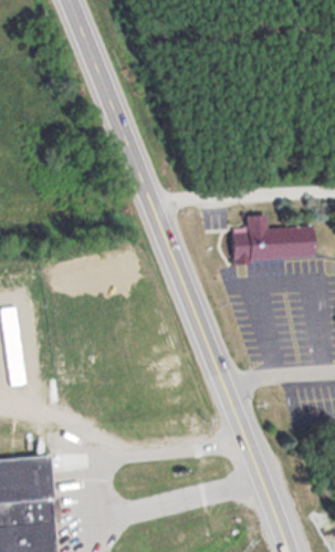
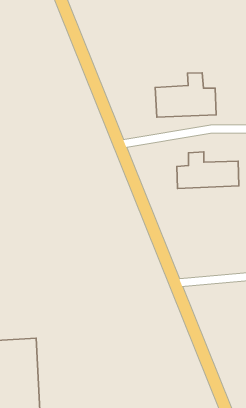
building: none -> [155,73,216,117]

